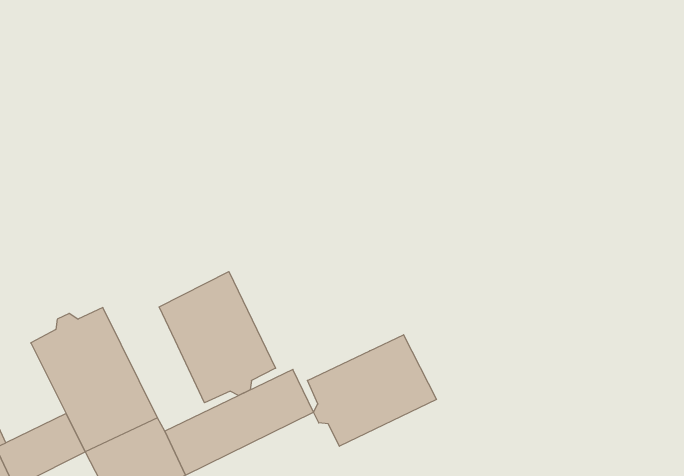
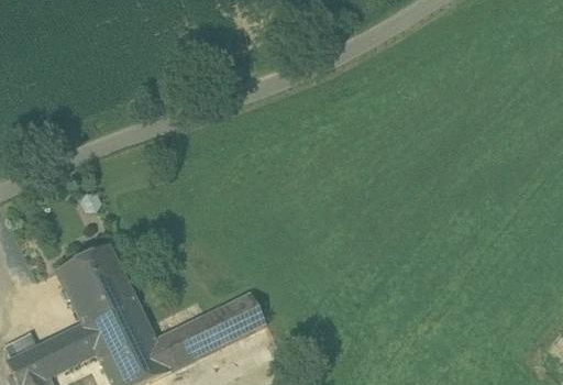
building: [159,272,276,403] -> none
building: [307,335,436,446] -> none

